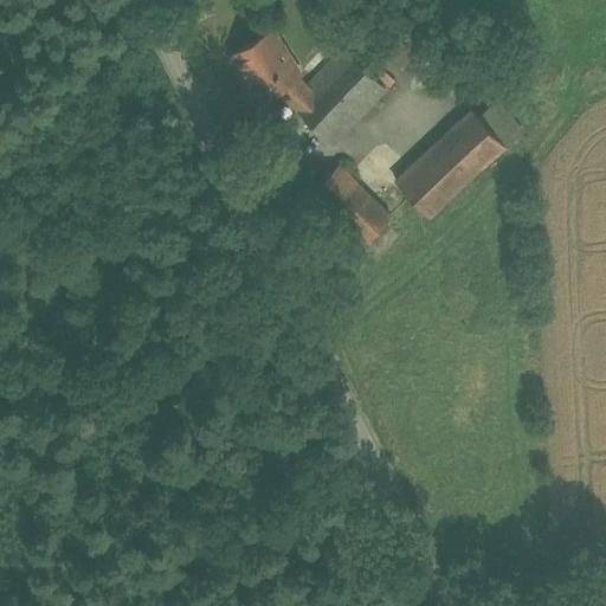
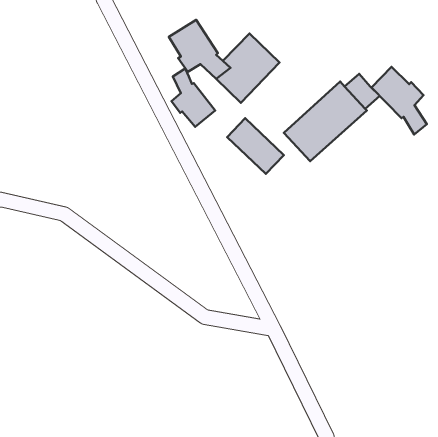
building: none -> [371,67,427,135]
building: none -> [172,68,215,127]

